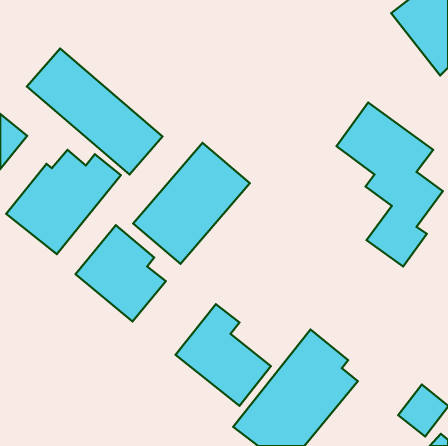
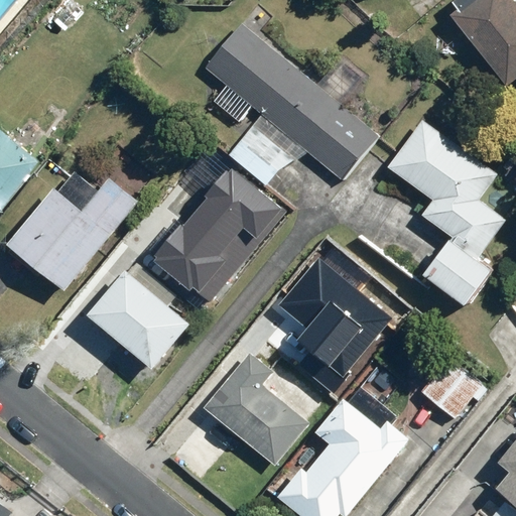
building: none -> [206,21,381,185]
building: [27,48,163,175] -> none
building: none -> [280,256,391,388]
building: none -> [421,357,484,419]

